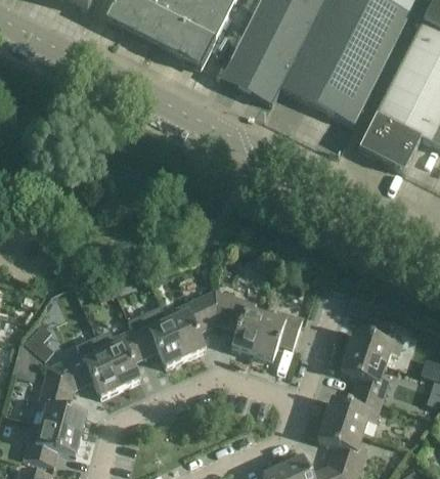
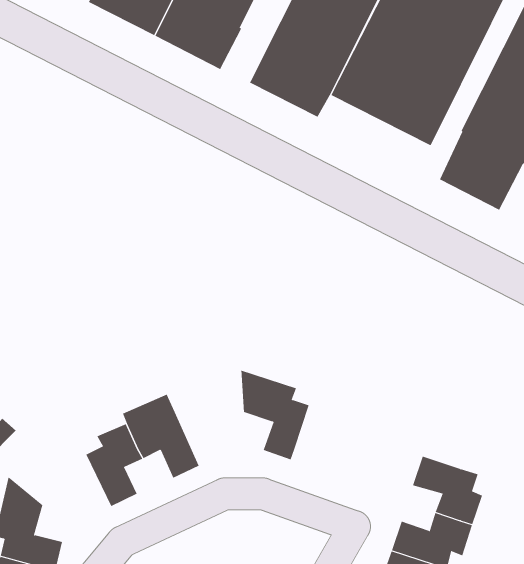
building: [168,289,217,358] -> none
building: [252,310,303,360] -> none
building: [347,321,407,364] -> none
building: [47,348,121,397] -> none

